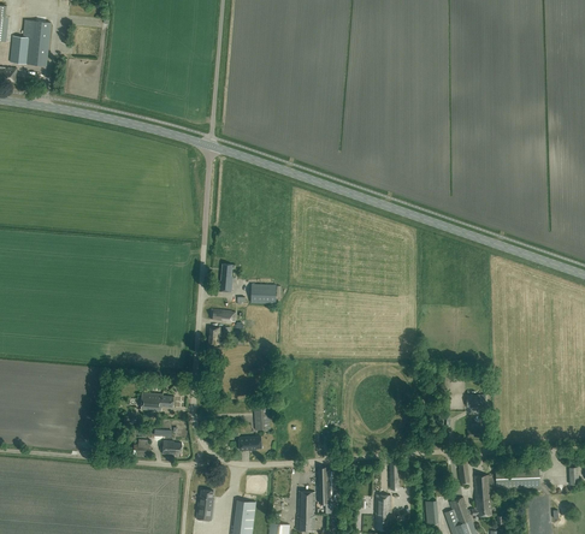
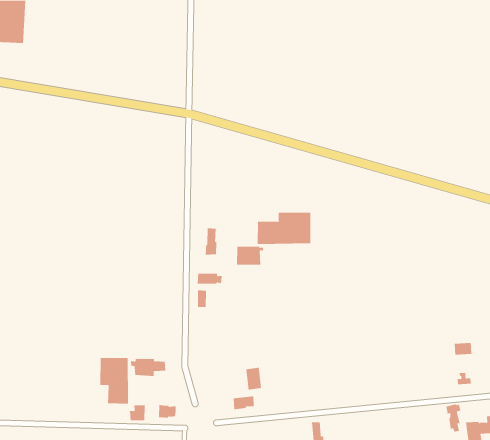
building: none -> [257,212,311,245]
building: none -> [100,357,128,404]

